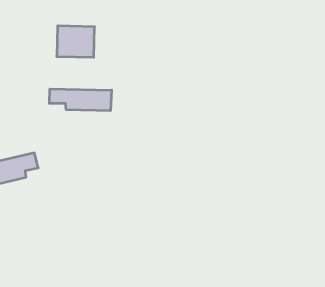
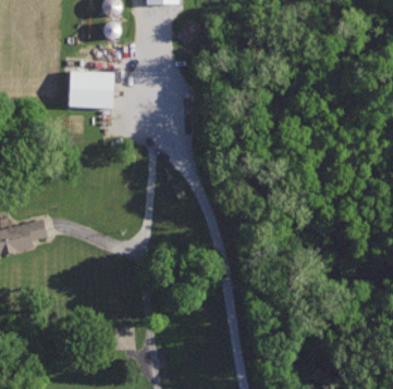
building: [49,89,112,111] -> none

